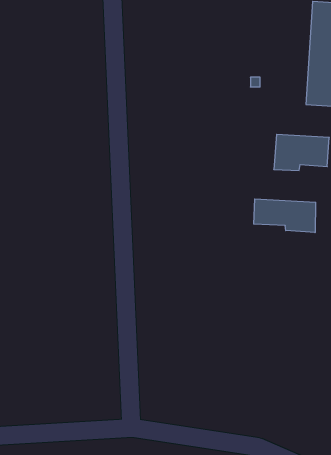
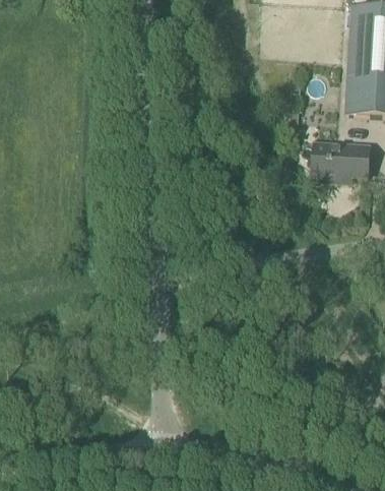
building: [254,199,316,233] -> none

